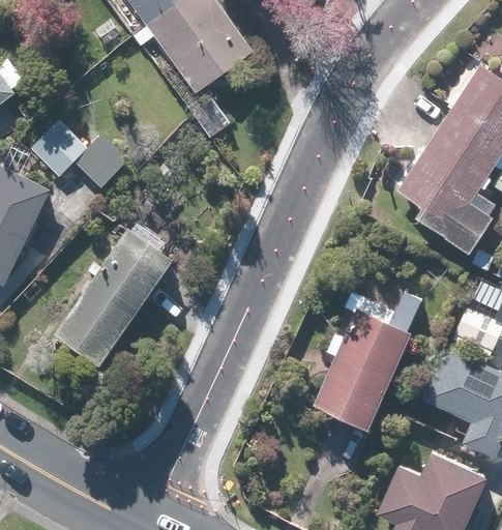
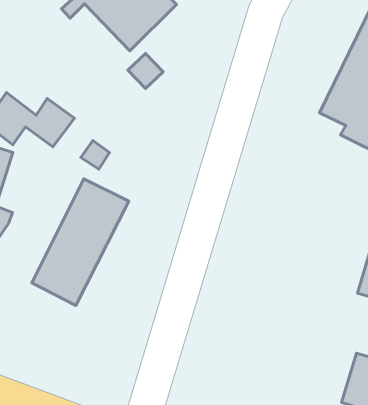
building: [315,291,419,428] -> none

